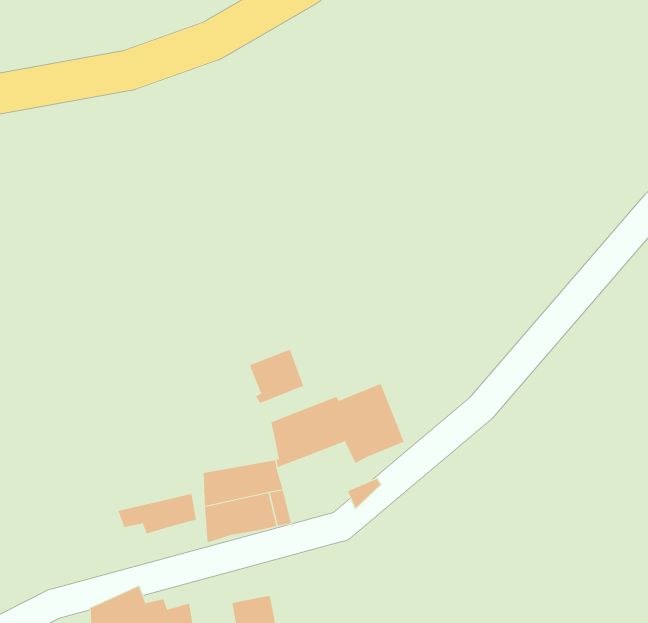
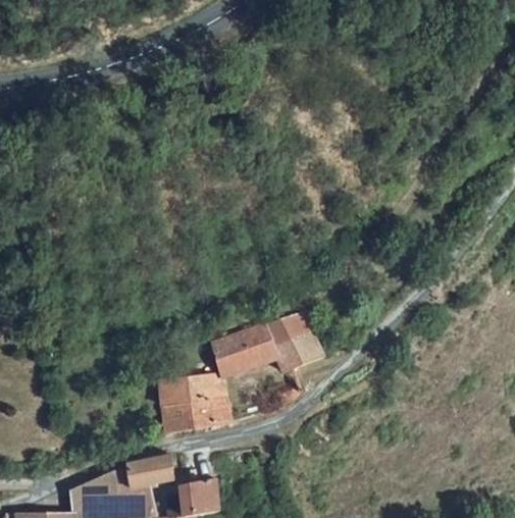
building: [249,349,304,404] -> none
building: [117,490,197,534] -> [110,455,172,489]

